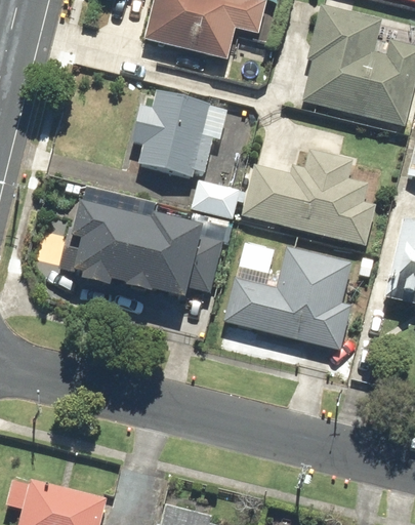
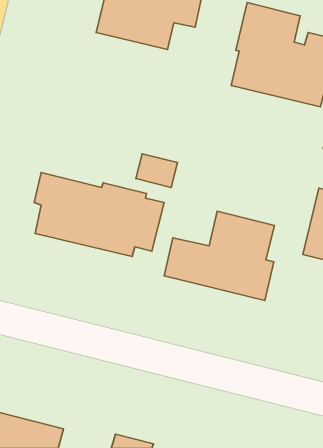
building: [133,90,214,176] -> none
building: [242,149,377,244] -> none

